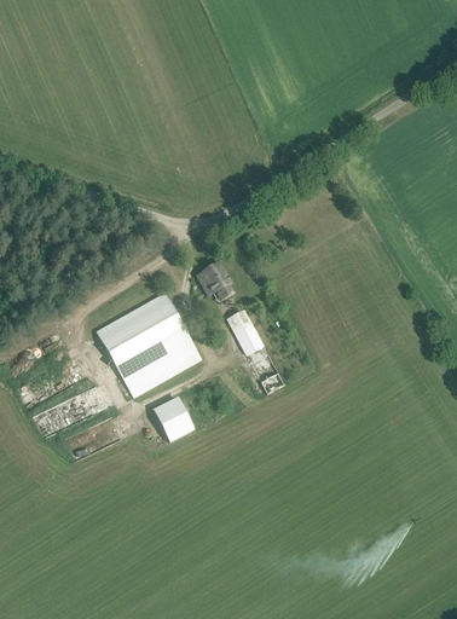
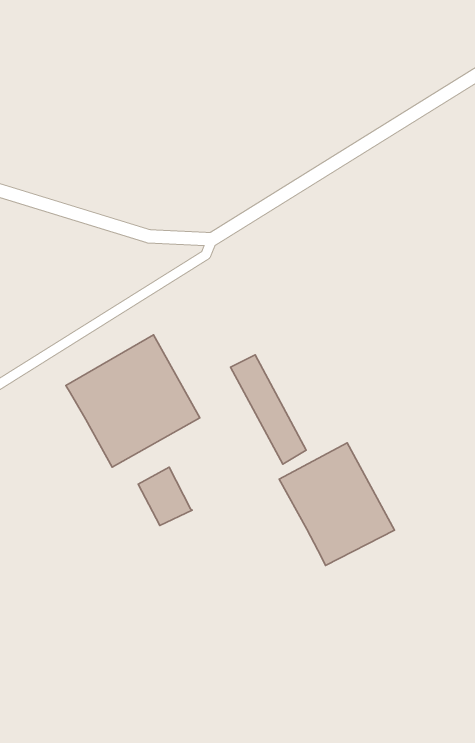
building: [196,262,232,302] -> none
building: none -> [279,443,395,566]

